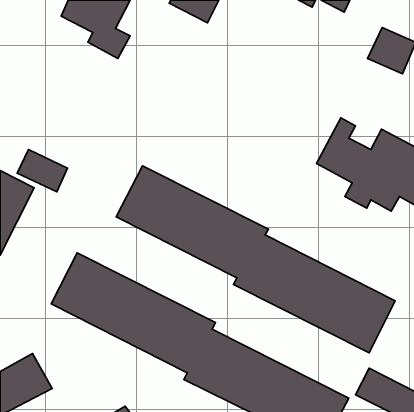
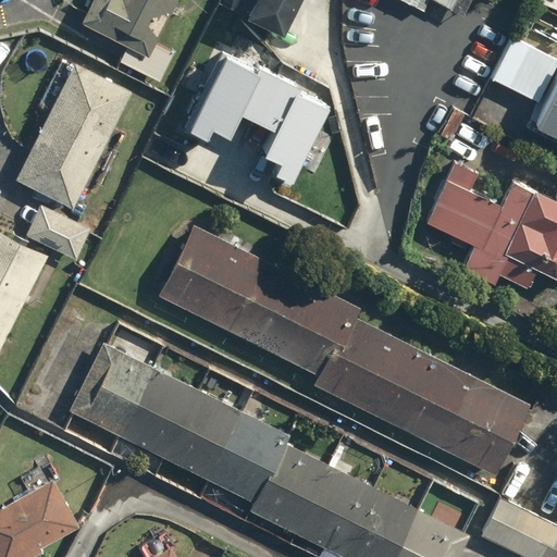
building: none -> [183,53,326,185]
building: none -> [16,64,133,209]

